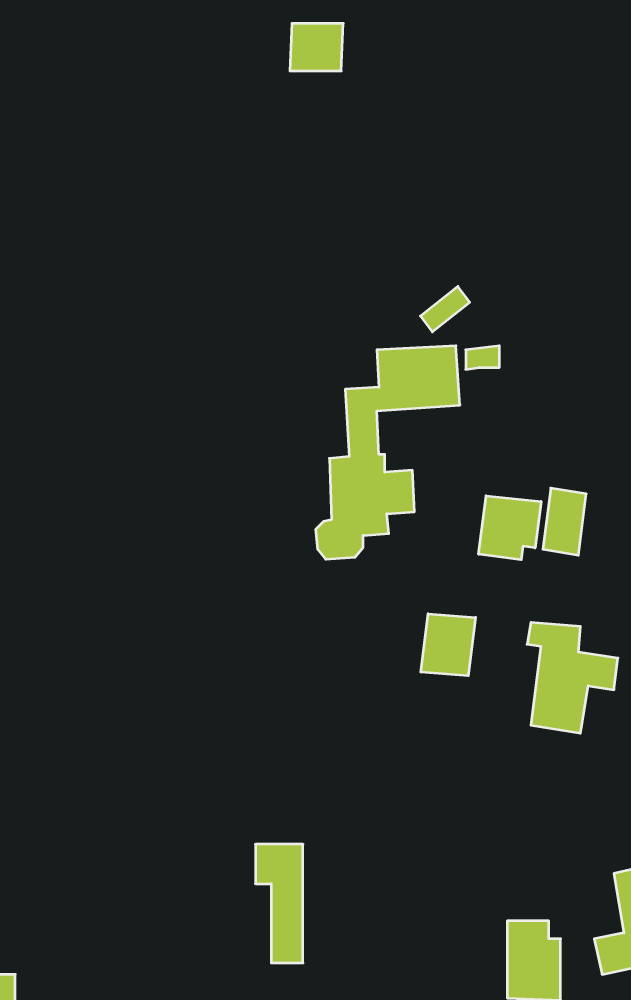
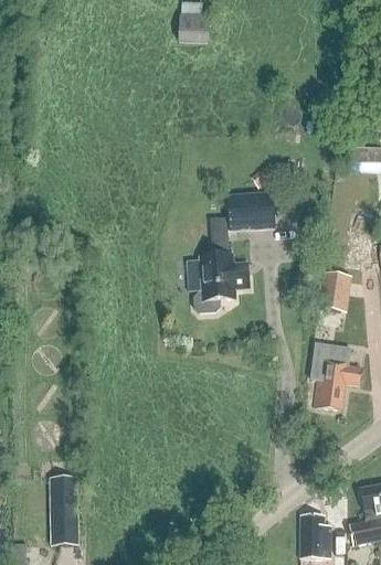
building: [479,496,541,560] -> none
building: [421,614,476,676] -> none
building: [255,844,303,963] -> [51,478,77,544]

